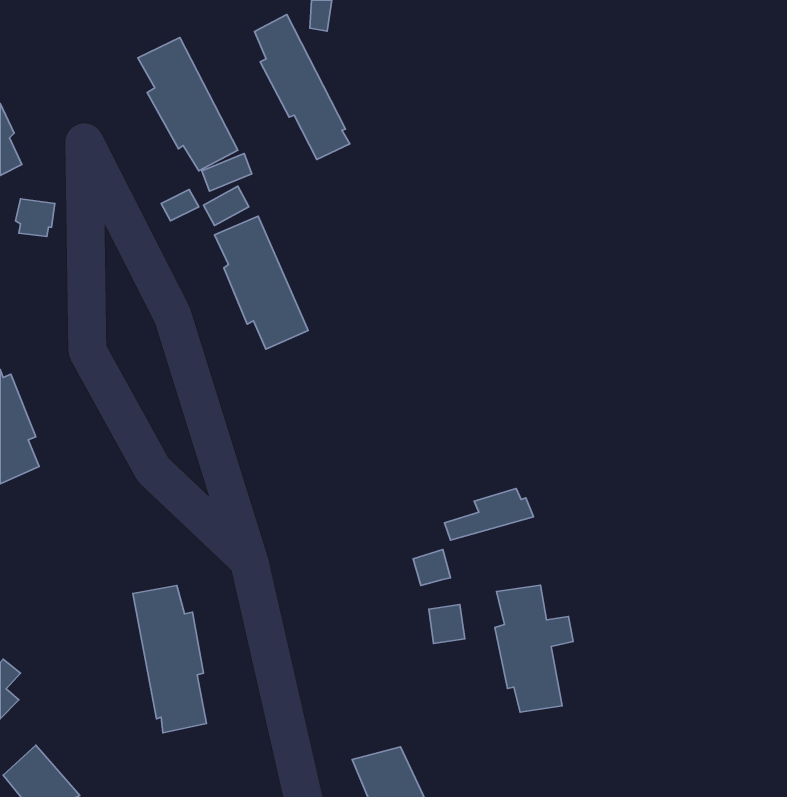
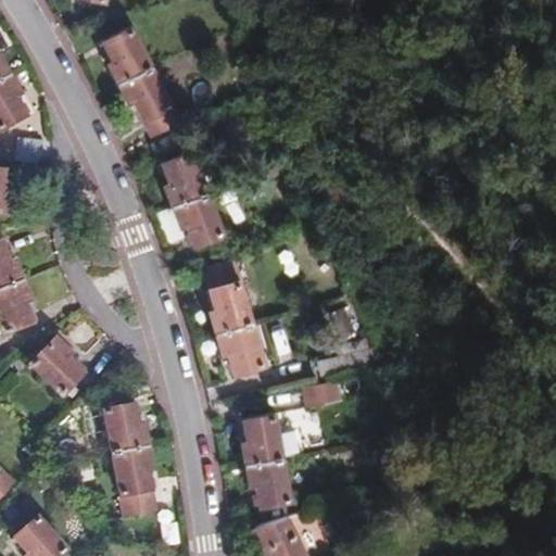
building: [255,15,350,160] -> none
building: none -> [210,262,264,374]
building: none -> [34,337,86,393]
building: [495,585,573,712] -> [243,415,298,503]

